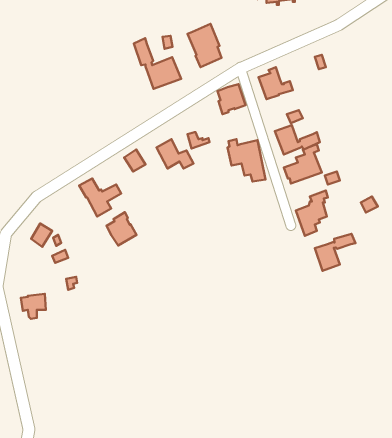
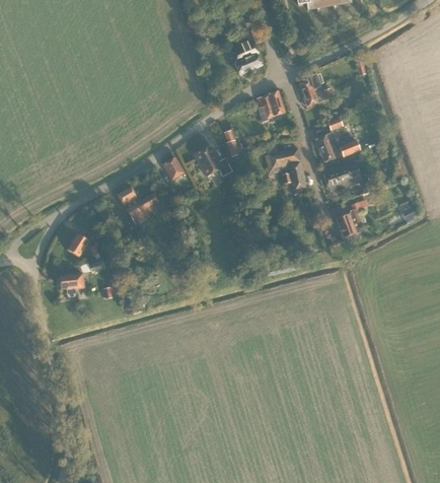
building: [134,38,181,89] -> none
building: [107,212,136,245] -> none
building: [315,234,355,271] -> none
building: [21,294,46,319] -> [59,271,84,296]

